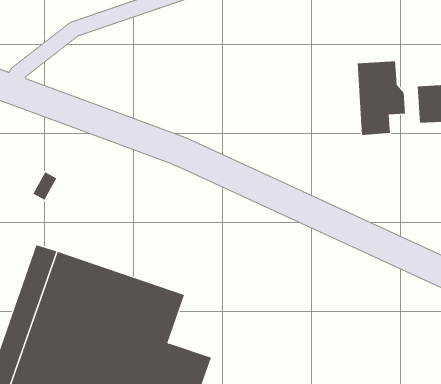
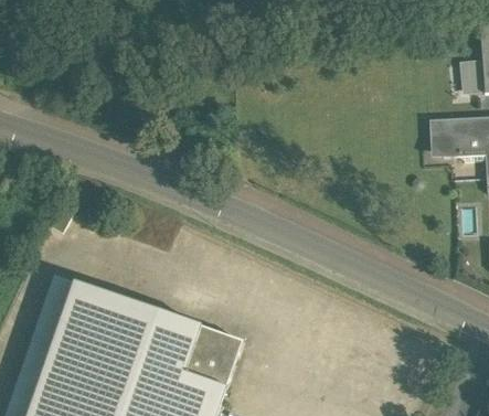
building: [357,61,406,136] -> none
building: none -> [185,327,245,388]

